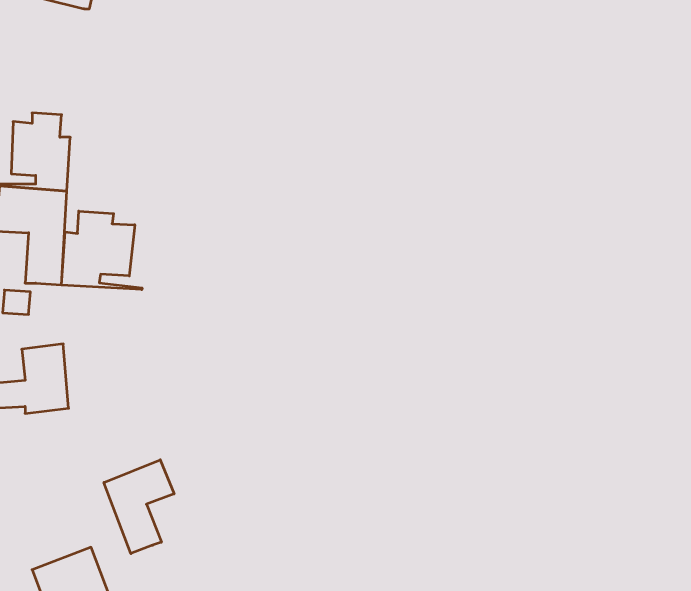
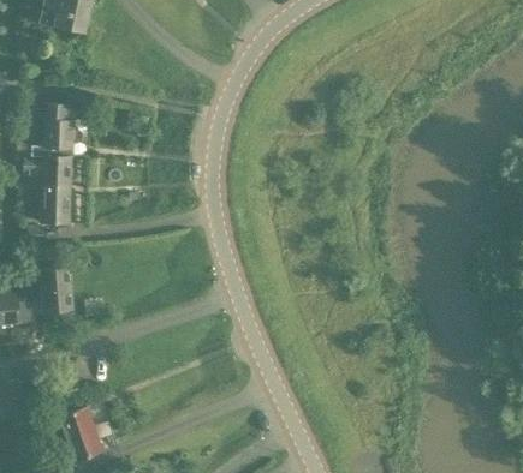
building: [62,211,142,290] -> none
building: [104,460,174,554] -> none

